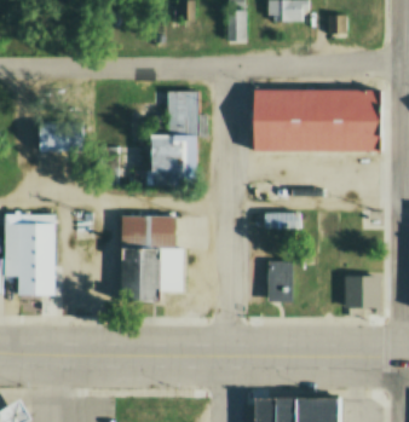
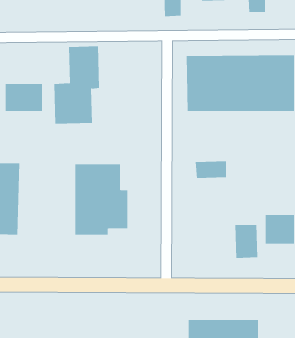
building: [149,89,203,181] -> [54,46,100,124]
building: [267,262,295,302] -> [235,224,258,258]

